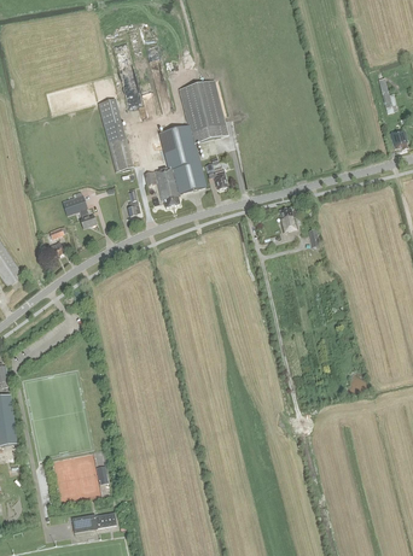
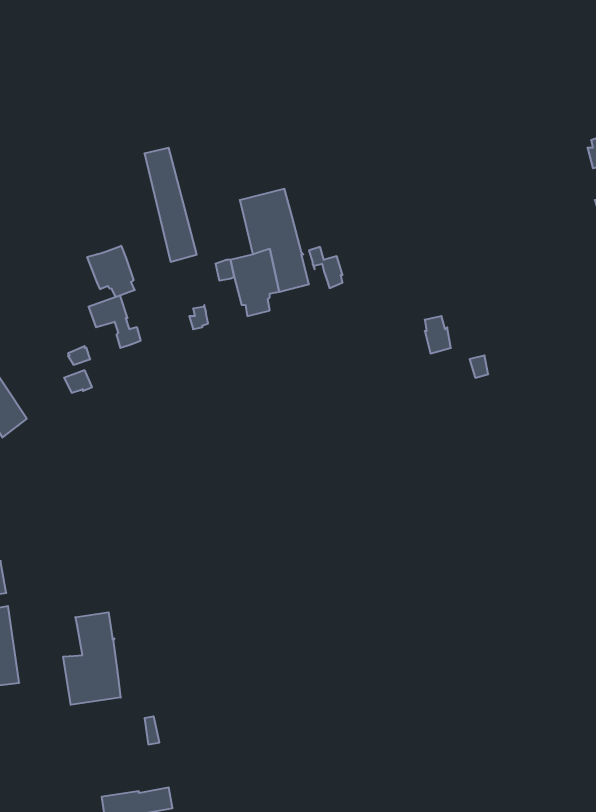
building: [180,80,226,142] -> none
building: none -> [87,246,135,297]
building: none -> [63,612,121,705]

